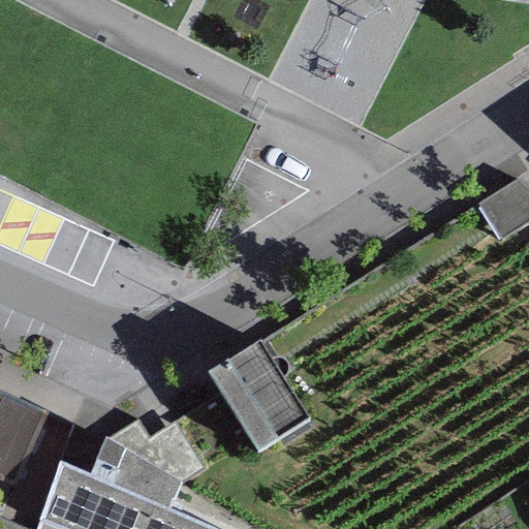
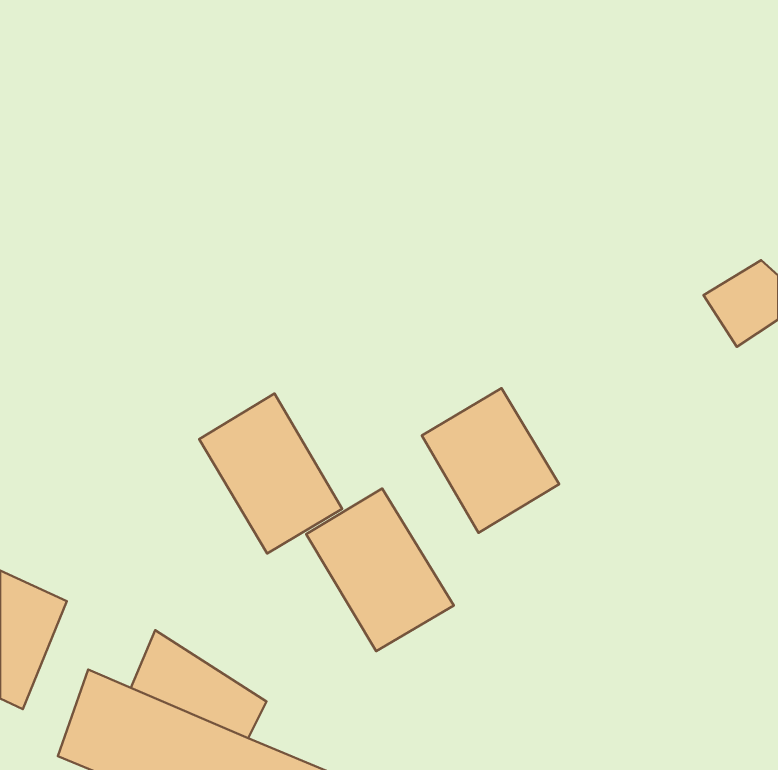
building: none -> [422,388,559,533]
building: none -> [199,393,342,553]

